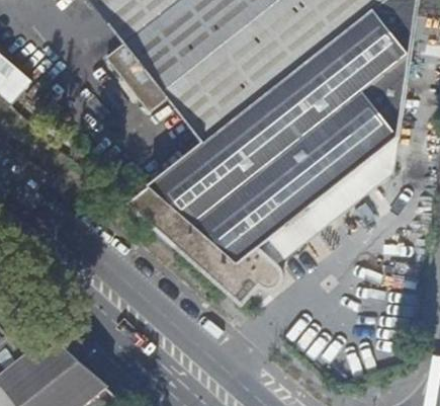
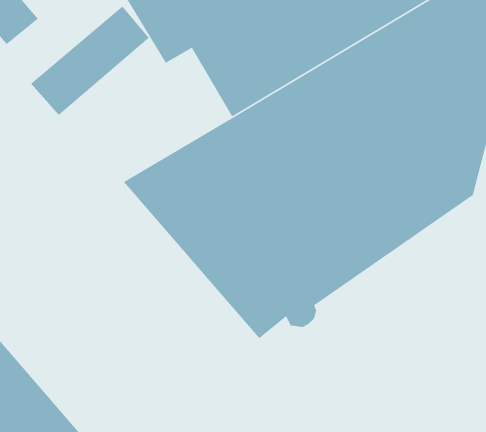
building: none -> [30,6,150,116]

